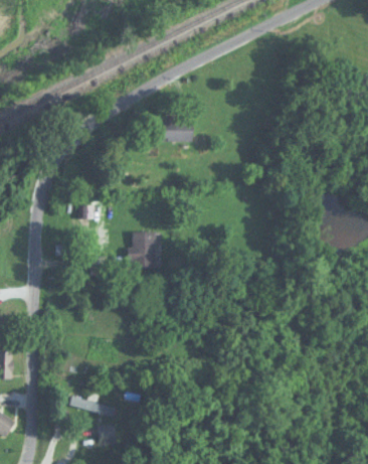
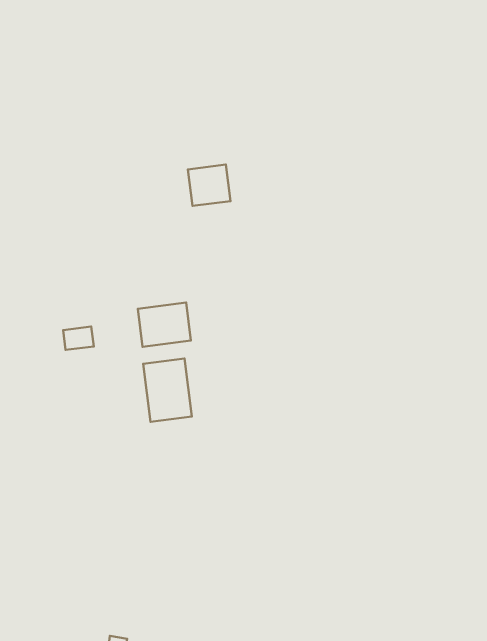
building: none -> [138,303,191,347]

